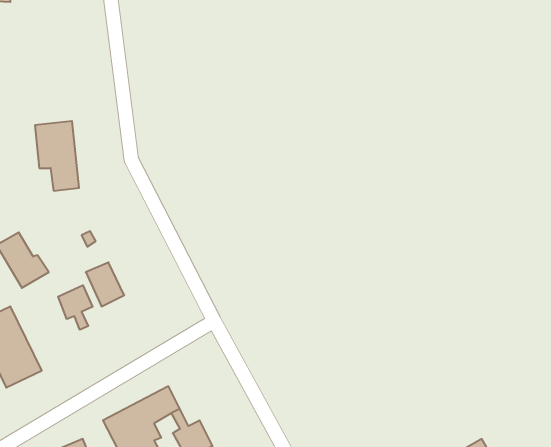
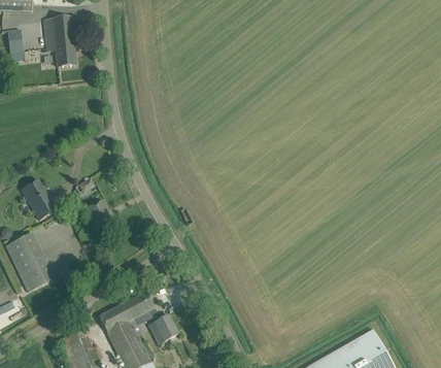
building: [35,121,79,191] -> [43,16,75,67]
building: [58,285,93,330] -> none

